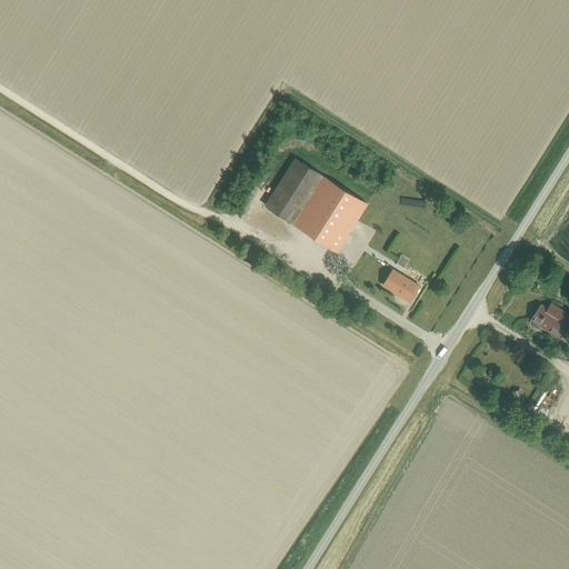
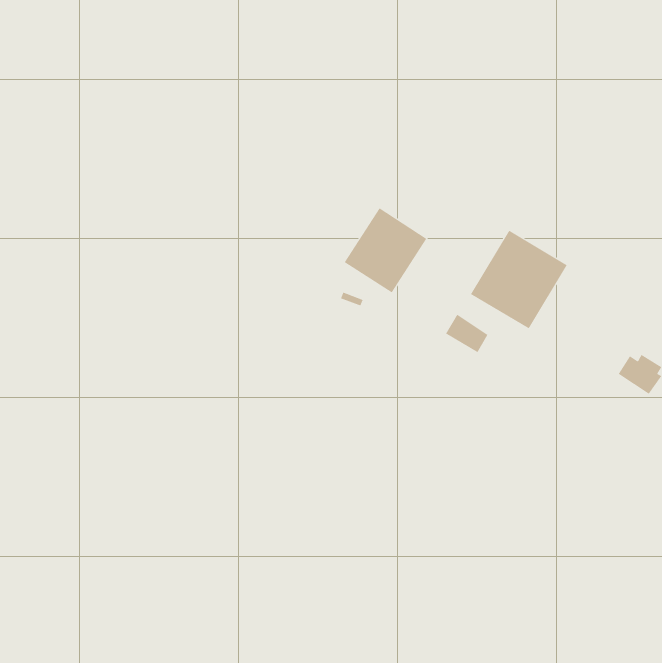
building: [264,158,325,224] -> none
building: none -> [470,230,568,329]

